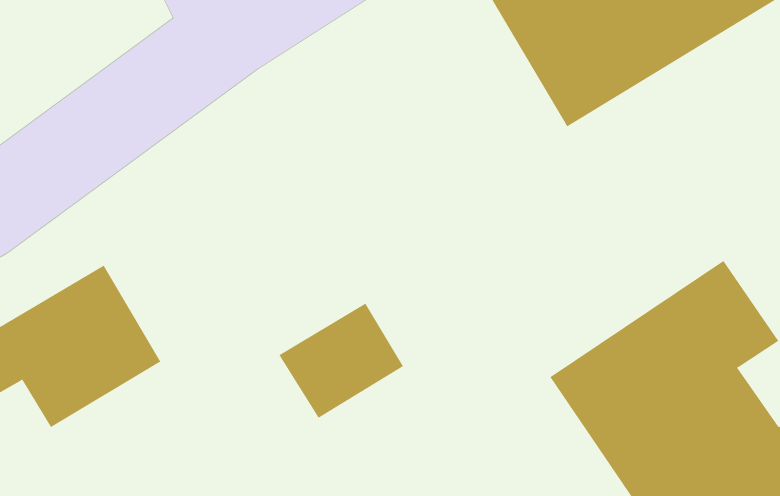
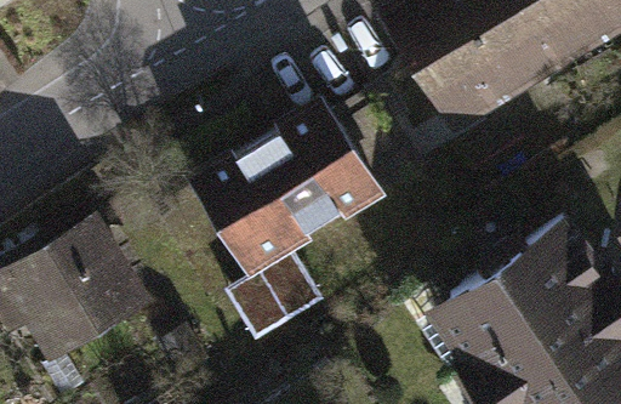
building: none -> [196,103,381,269]

